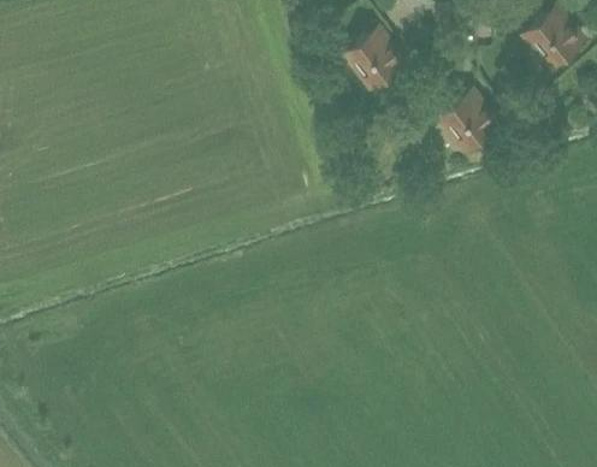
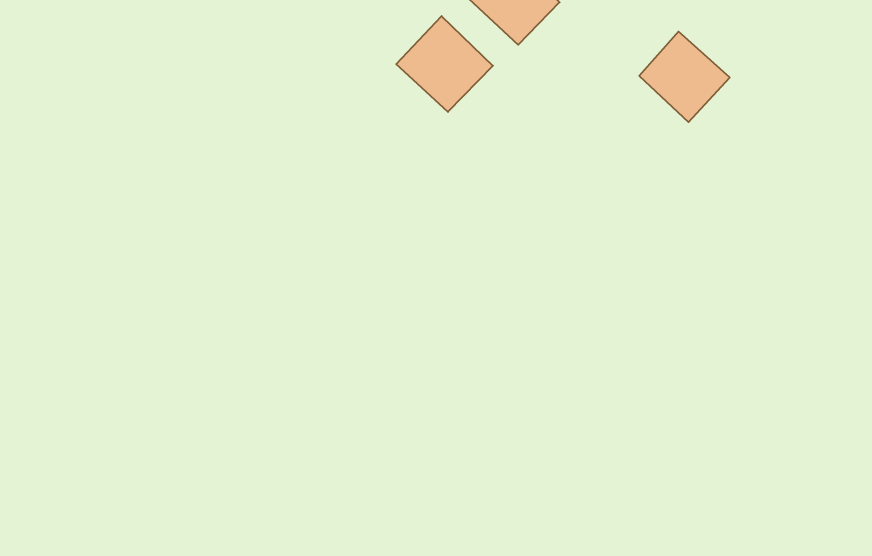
building: none -> [396,16,493,112]

